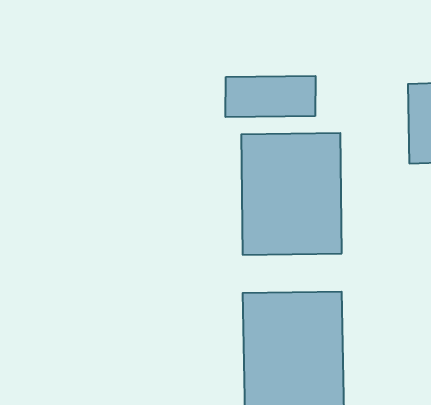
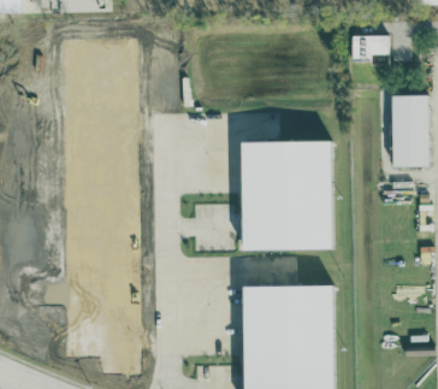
building: none -> [353,35,391,60]
building: [226,76,315,117] -> none

